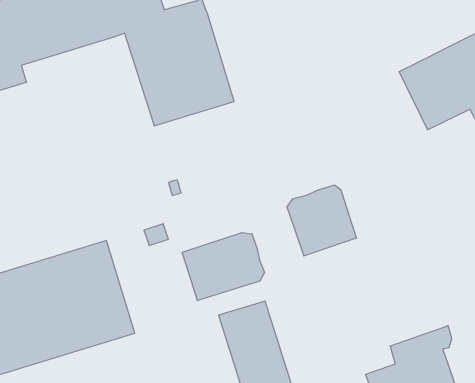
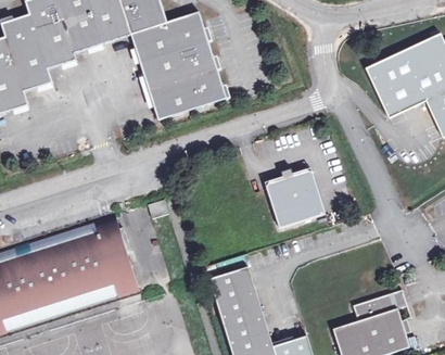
building: [182,233,265,301] -> none

